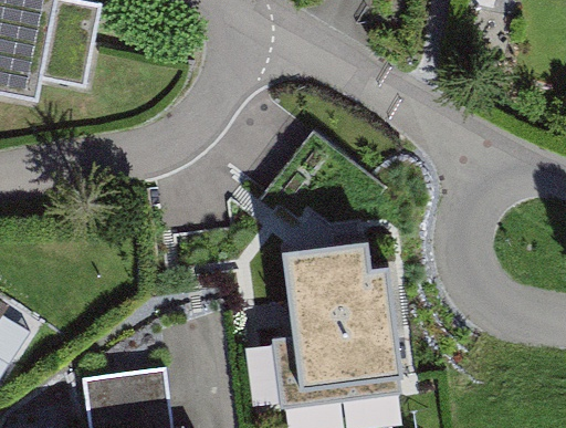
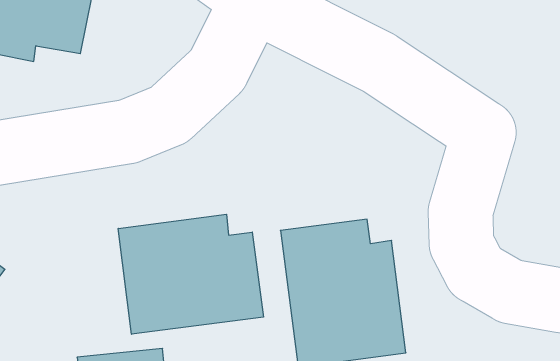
building: none -> [118,214,263,334]

